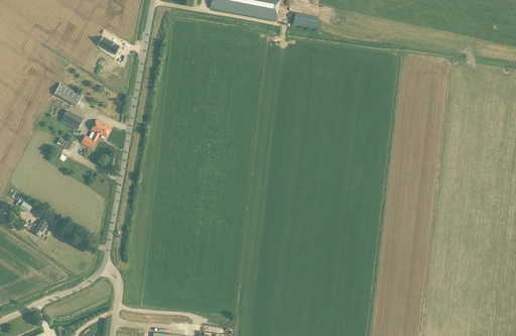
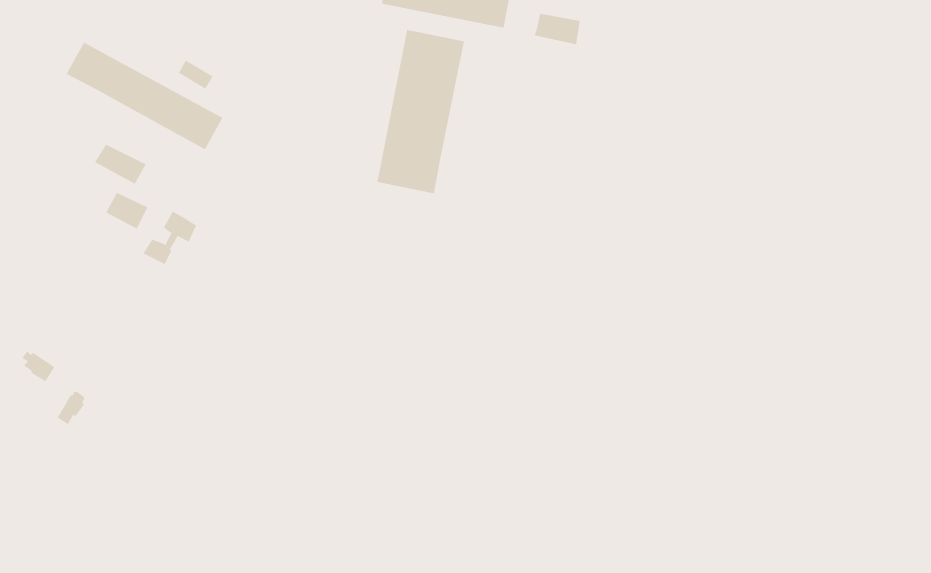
building: none -> [377,29,465,194]
building: none -> [66,42,223,150]

